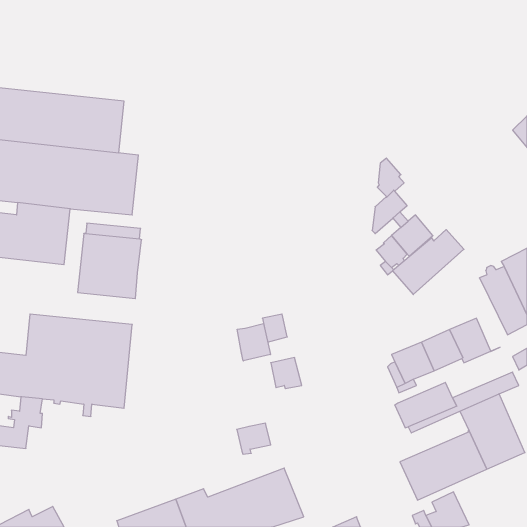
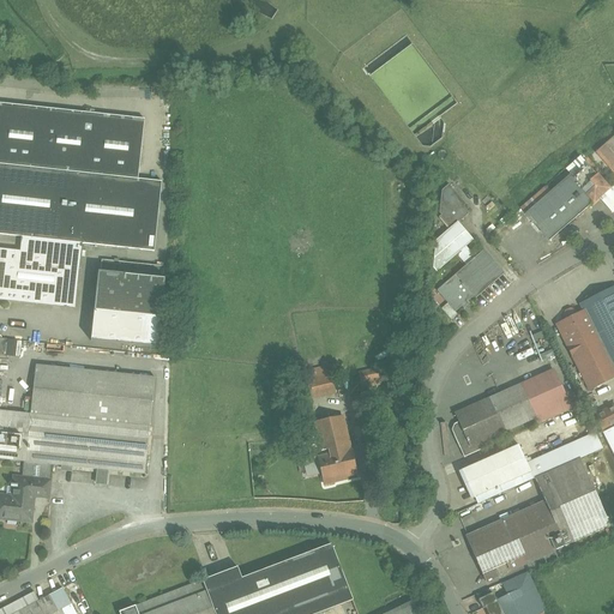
building: [393,230,464,295] -> [524,164,607,240]
building: [237,324,270,361] -> none
building: [237,423,271,454] -> [317,447,356,483]

